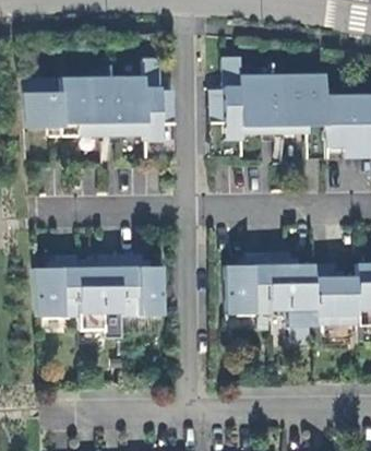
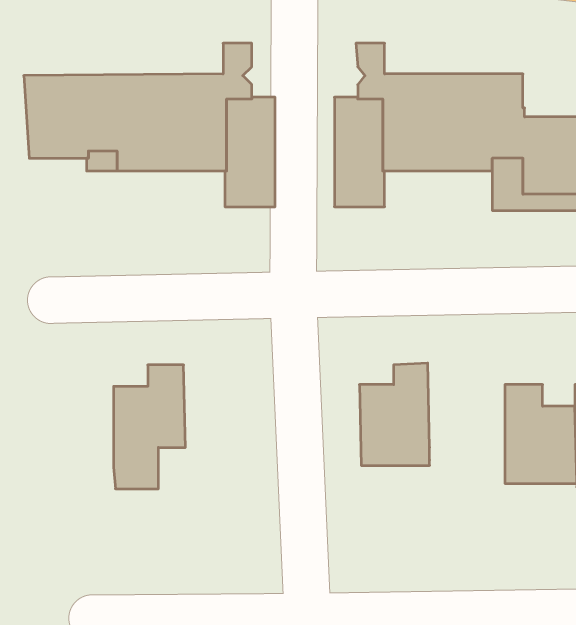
building: [268,252,315,328] -> none
building: [34,253,77,316] -> none
building: [120,253,164,316] -> none

